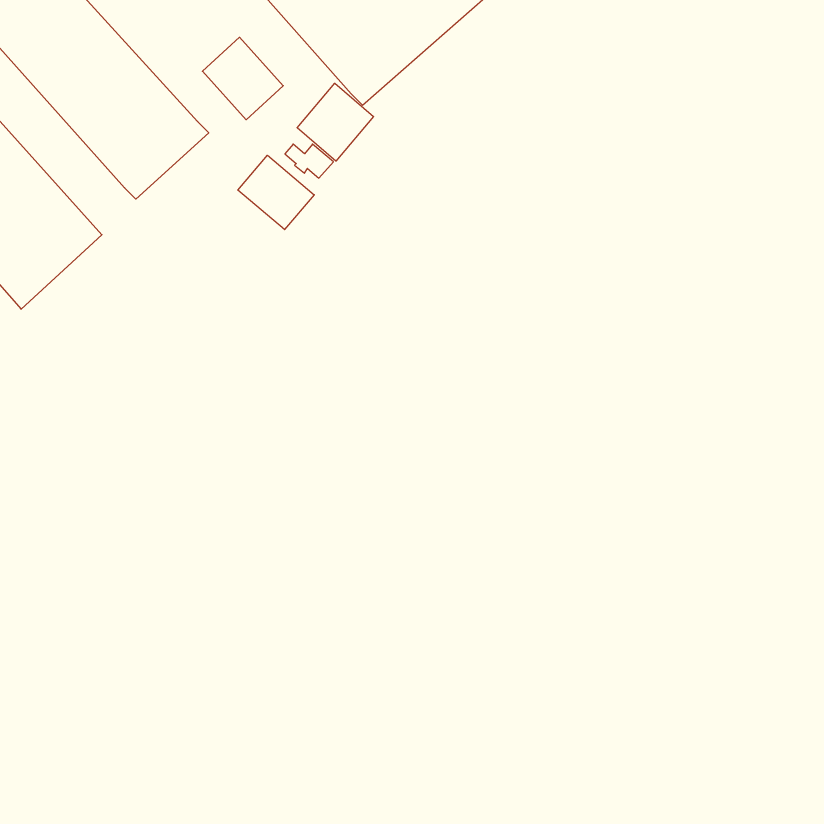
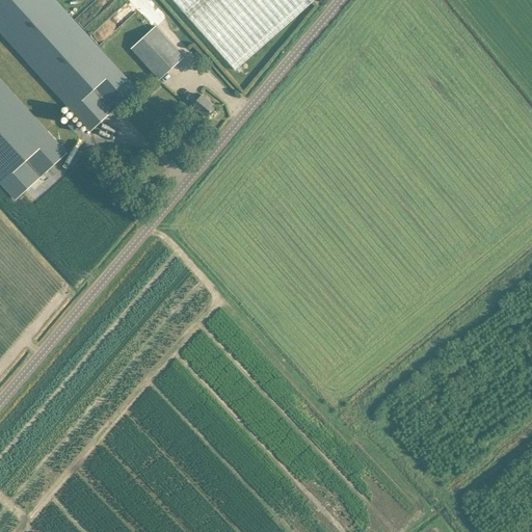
building: [297,83,374,161] -> none
building: [238,155,314,230] -> none

